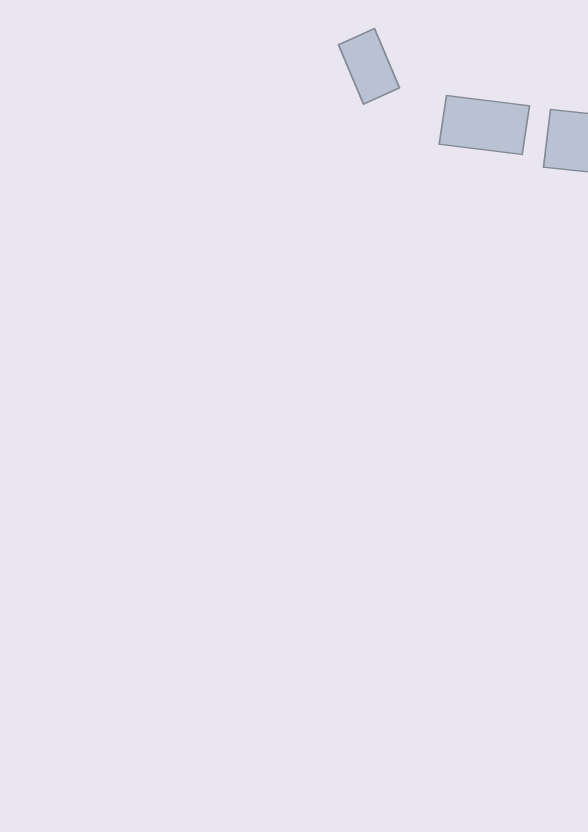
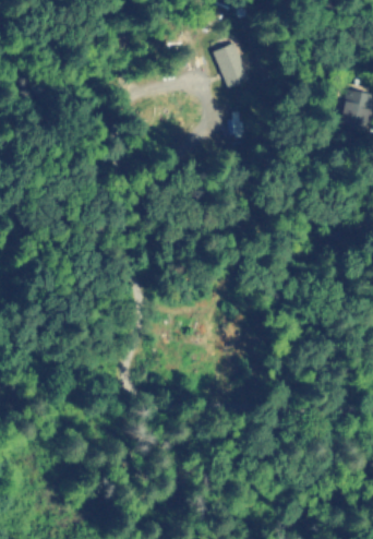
building: [439,95,529,155] -> none

